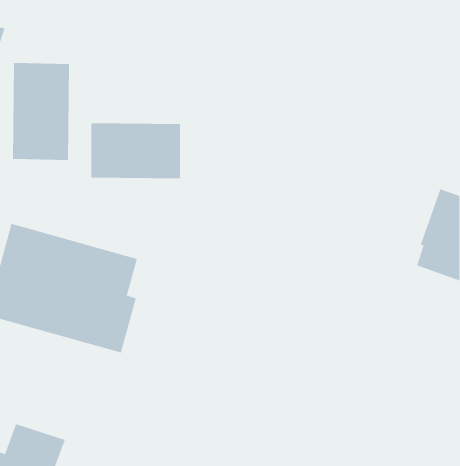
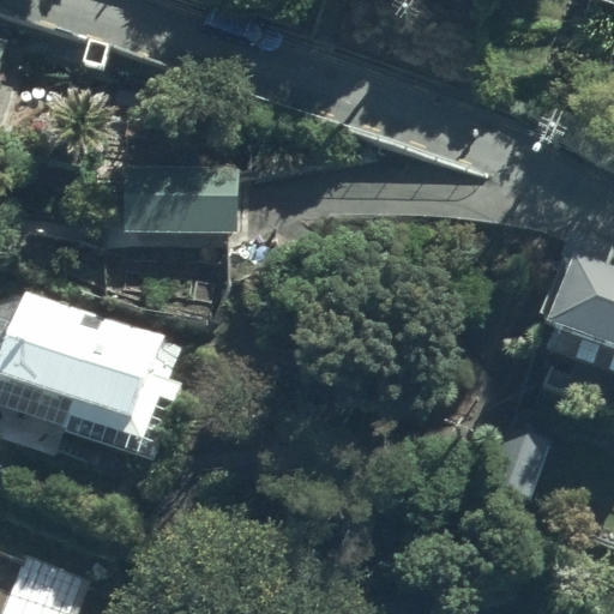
building: [12,62,70,161] -> none

